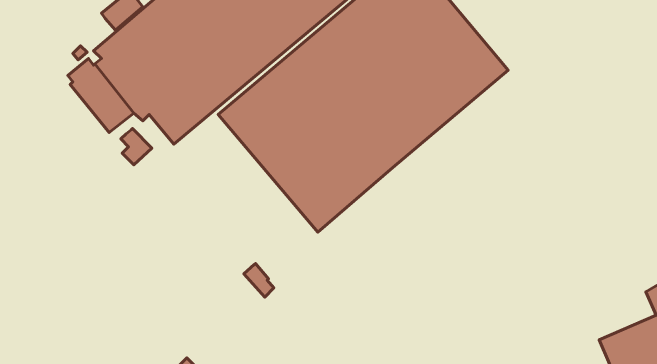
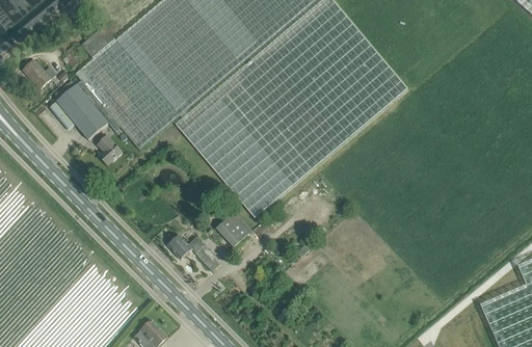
building: none -> [23,58,57,87]
building: none -> [217,210,252,246]
building: none -> [168,234,205,259]

